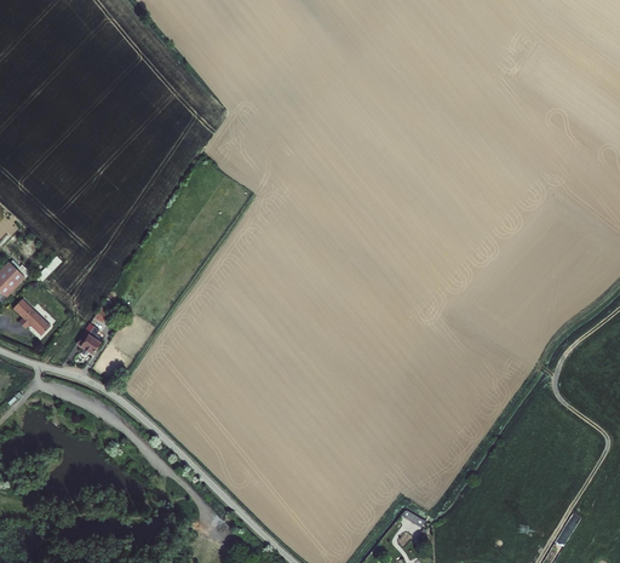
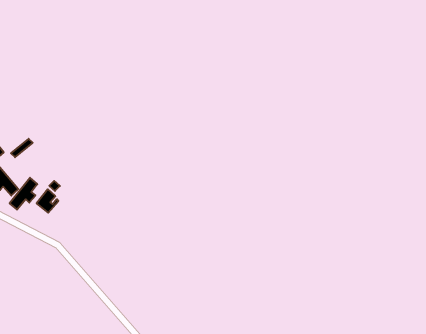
building: none -> [10,178,37,210]

